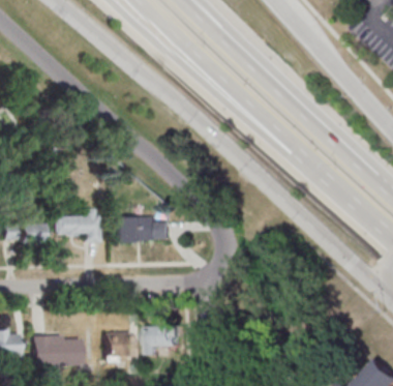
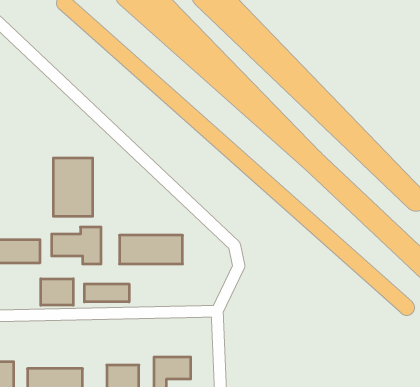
building: none -> [53,158,93,216]
building: none -> [41,279,73,305]
building: none -> [84,284,129,302]

